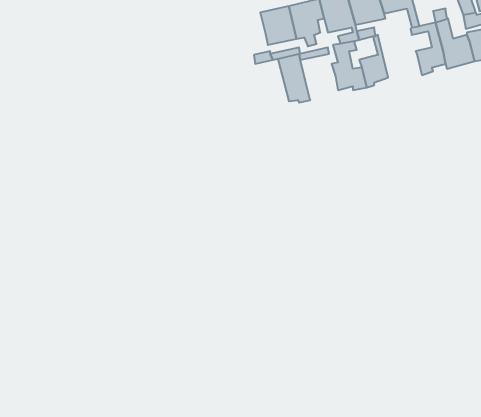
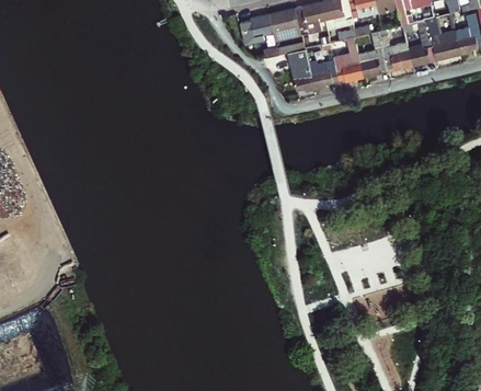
building: none -> [242,12,275,43]
building: none -> [374,30,412,69]
building: none -> [308,60,339,89]

